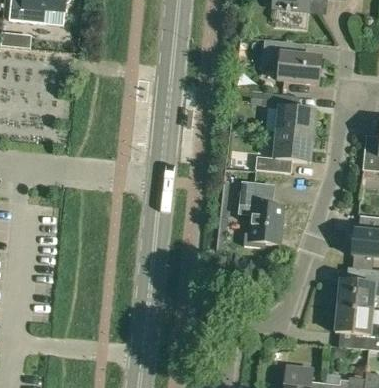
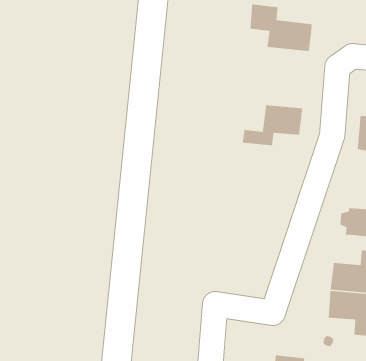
building: [261,91,314,135] -> none
building: [237,180,285,246] -> none

